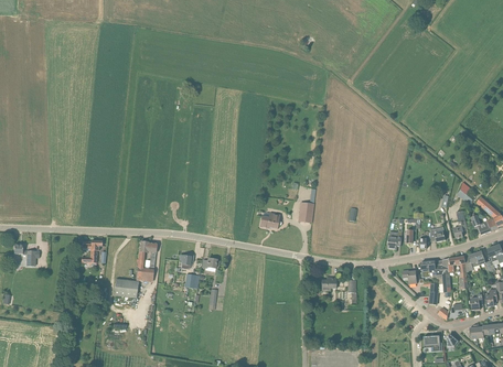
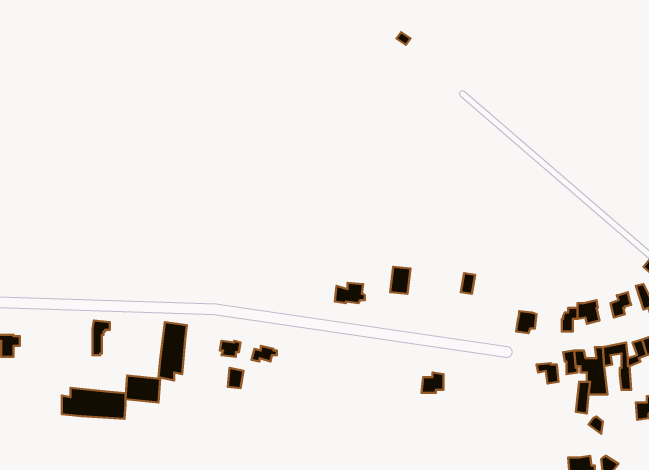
building: none -> [62,388,126,419]

